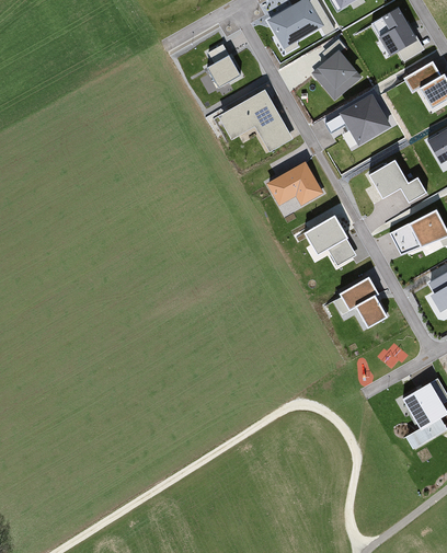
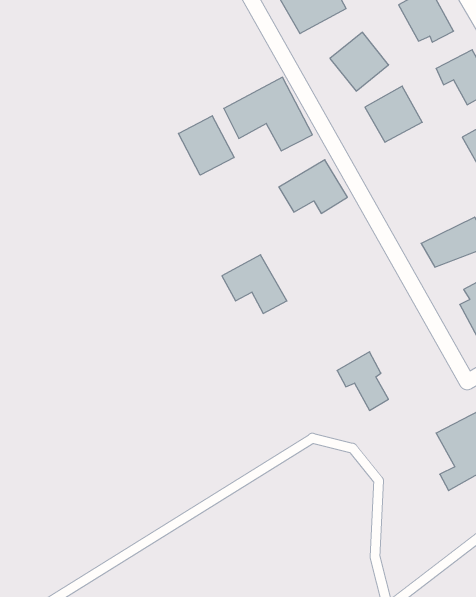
building: [205,41,240,87] -> none
building: none -> [178,116,234,175]
building: [367,159,425,200] -> none
building: [300,216,357,267] -> [222,255,287,313]
building: [341,276,386,327] -> [337,352,388,410]

